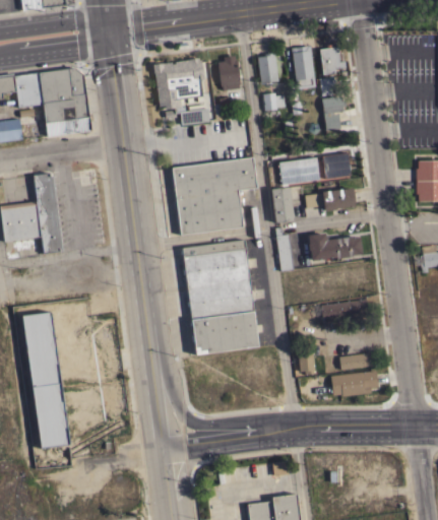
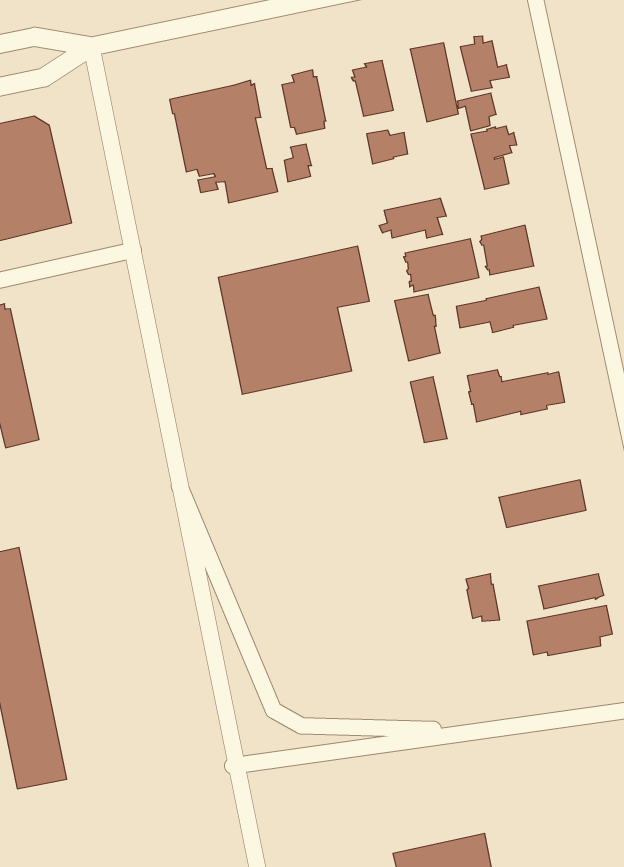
building: none -> [379,198,446,238]
building: [181,240,260,354] -> none

